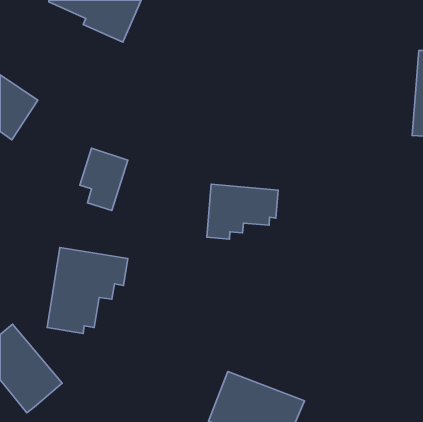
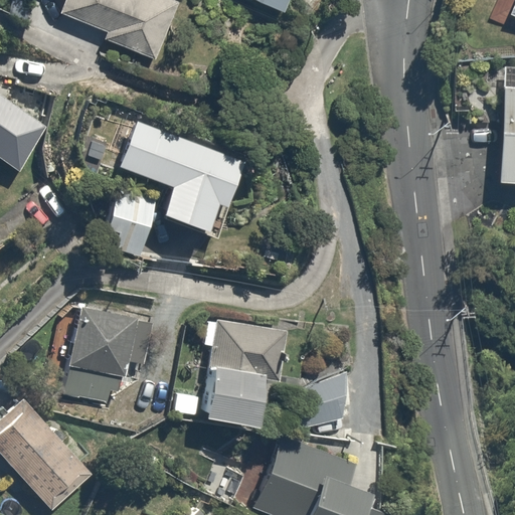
building: none -> [117,122,240,228]
building: [207,184,278,239] -> none
building: none -> [200,320,283,421]

